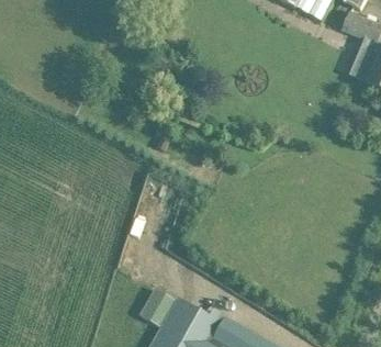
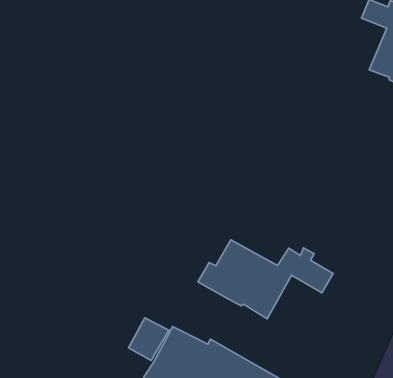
building: none -> [198,240,333,319]

